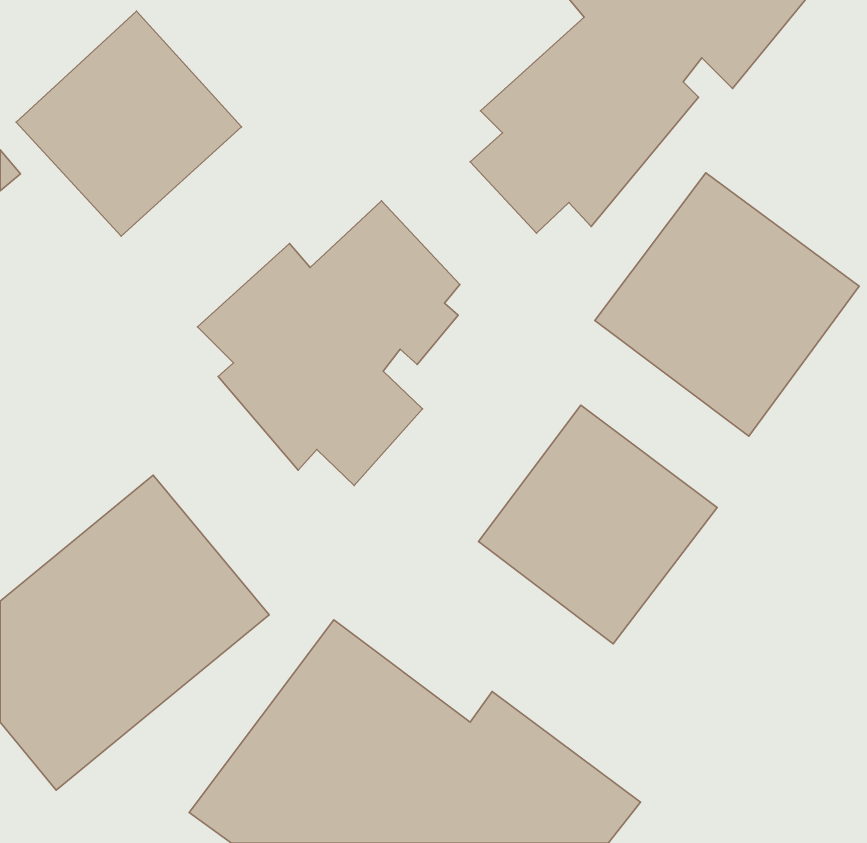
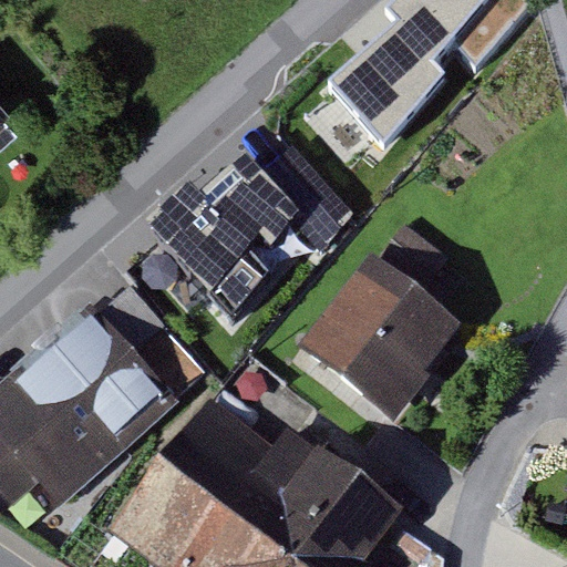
building: [16,11,242,236] -> none
building: [595,173,859,436] -> none

